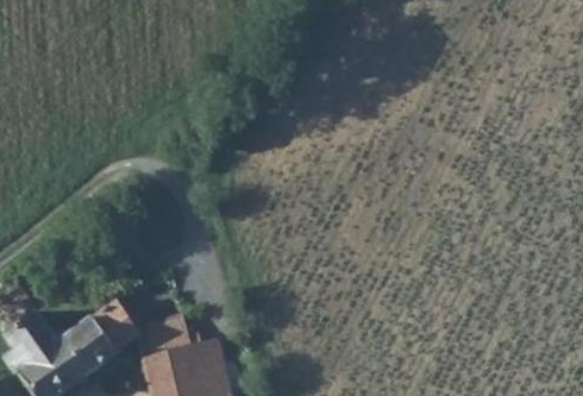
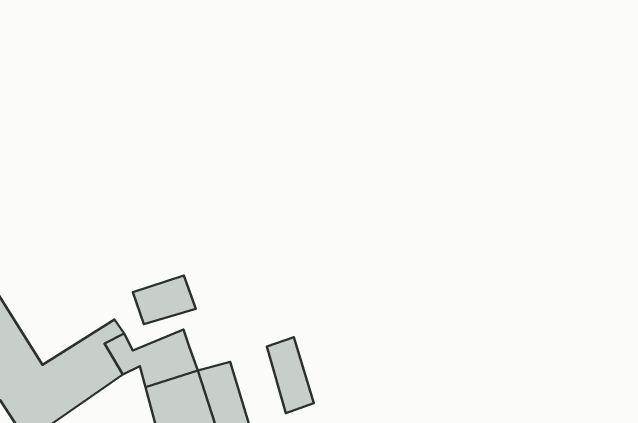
building: none -> [133,276,196,324]
building: none -> [267,337,314,413]

